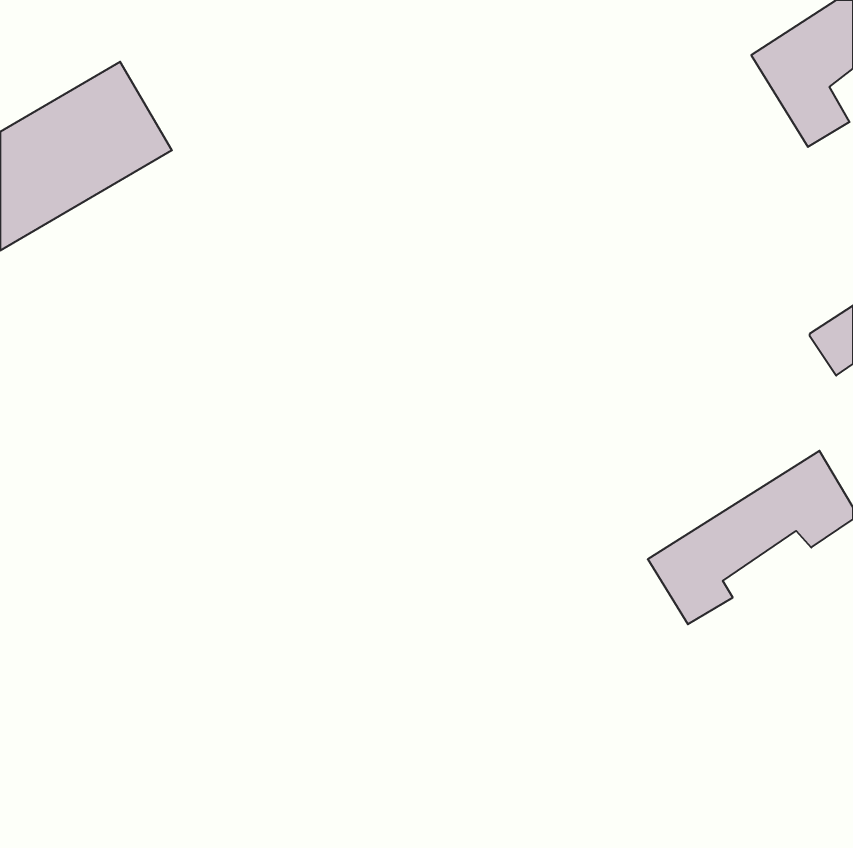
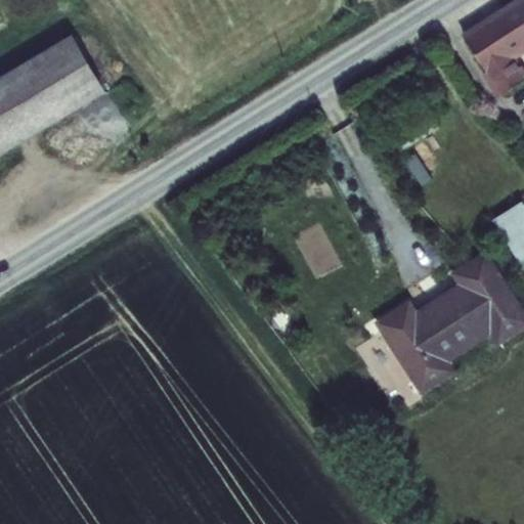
building: none -> [382,253,503,346]

